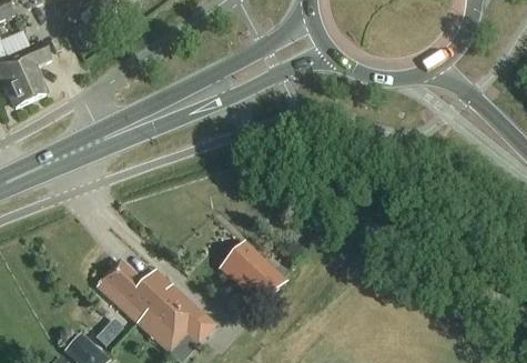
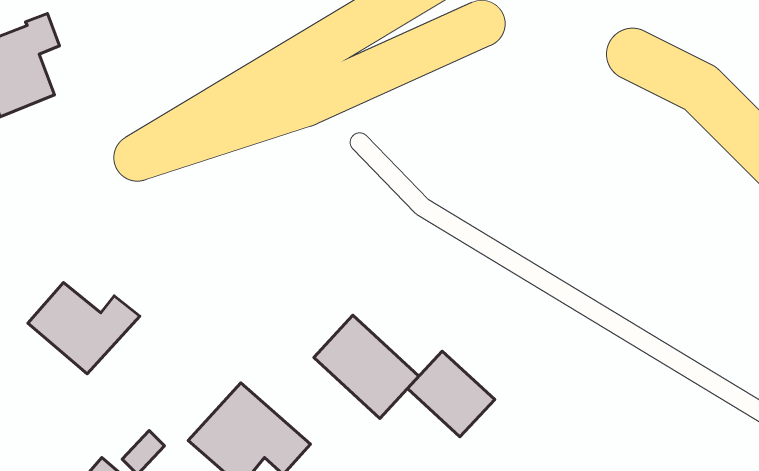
building: [98,261,171,321] -> [28,282,140,374]
building: none -> [408,351,495,437]

